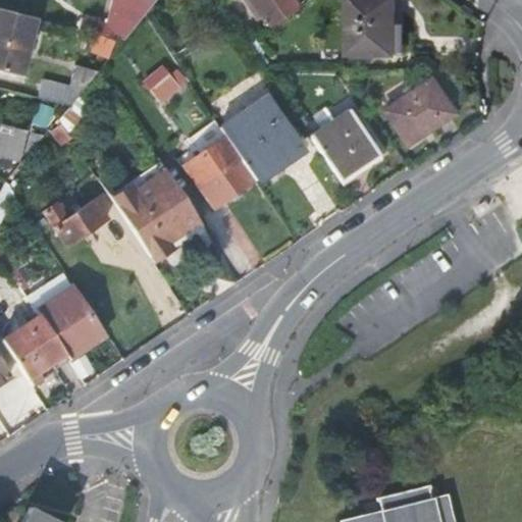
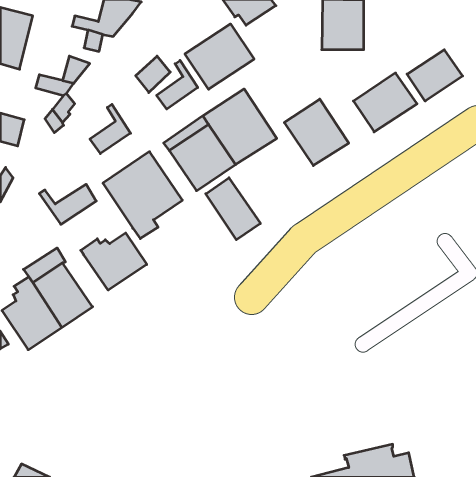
building: none -> [185,24,254,89]
building: none -> [407,50,463,101]
building: none -> [157,60,198,109]
building: none -> [90,104,131,154]
building: none -> [206,178,260,240]
building: none -> [81,233,147,290]

